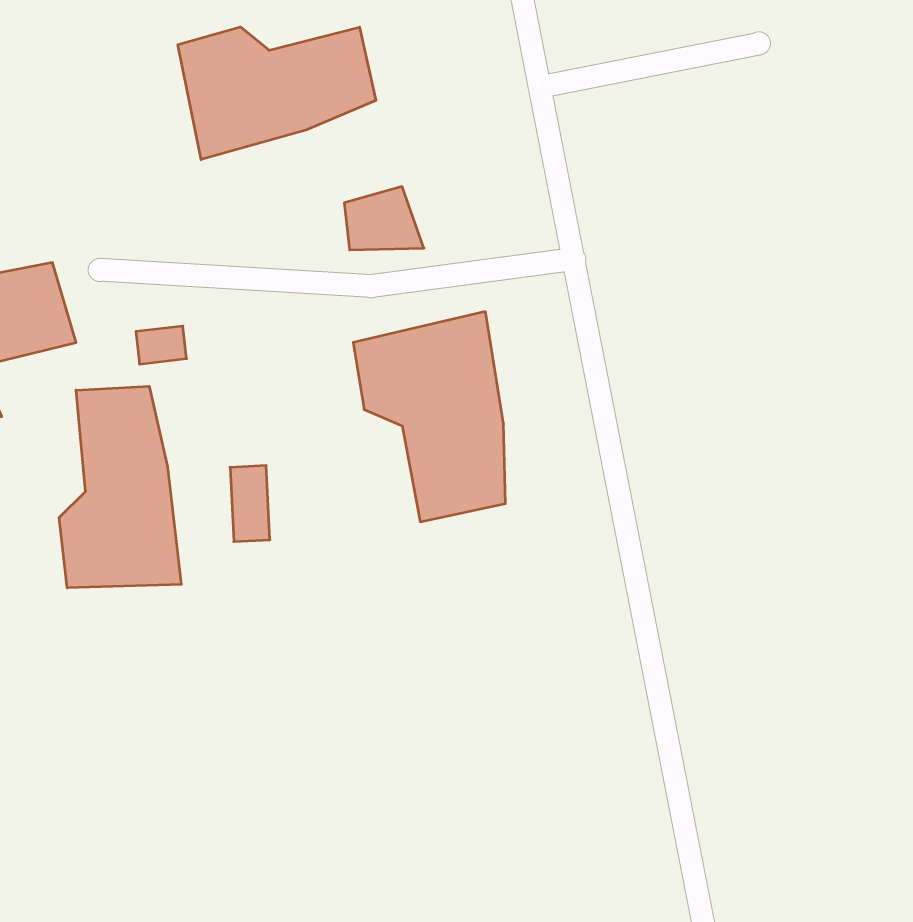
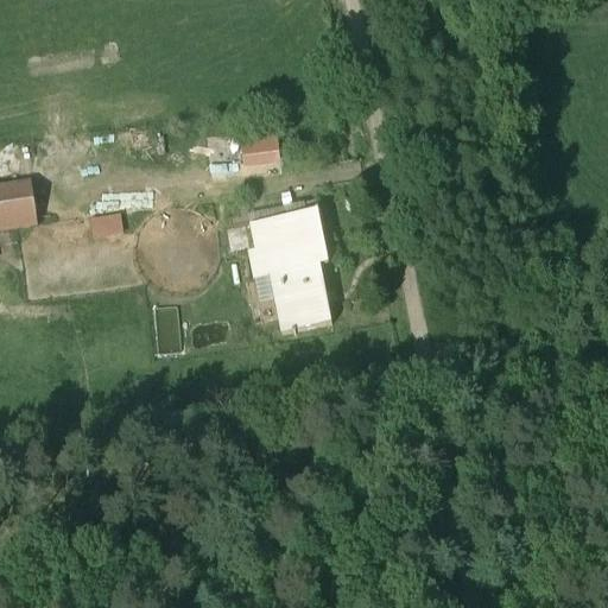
building: [178,27,376,160] -> none
building: [59,386,181,588] -> none

